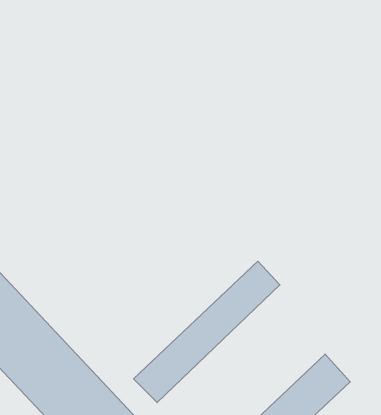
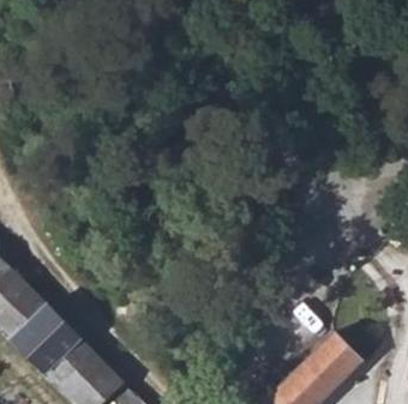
building: [134,261,280,403] -> none

